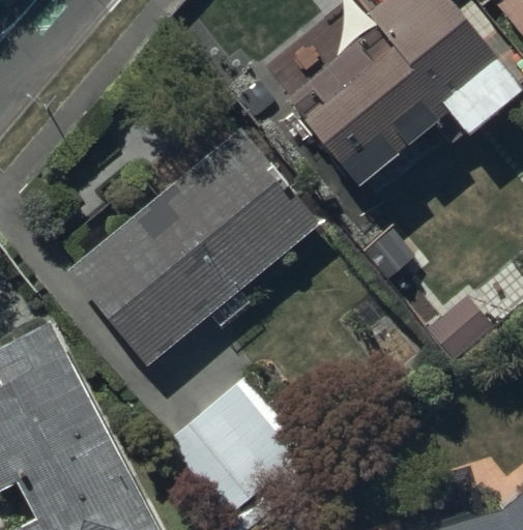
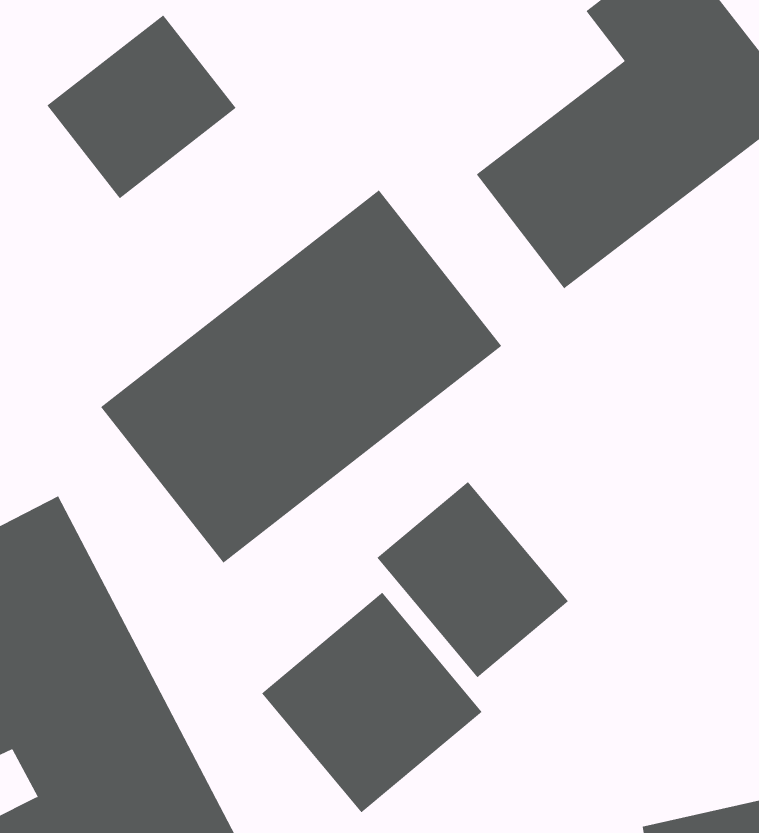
building: none -> [46,14,236,199]
building: none -> [377,481,569,678]

